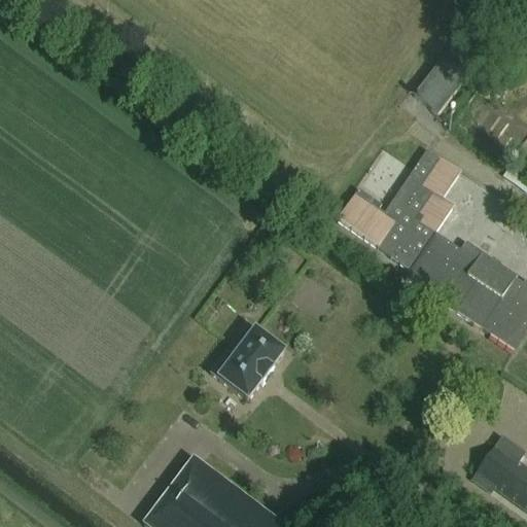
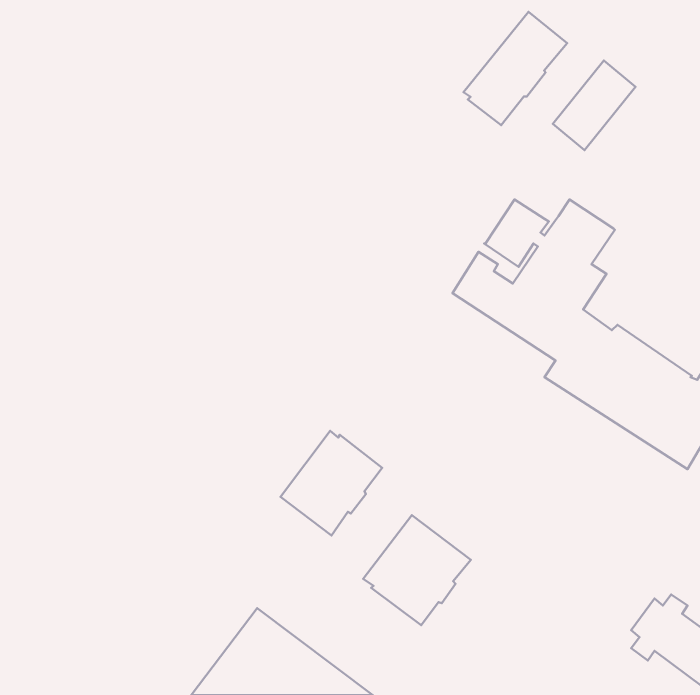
building: none -> [464,12,567,125]
building: none -> [363,515,471,625]

